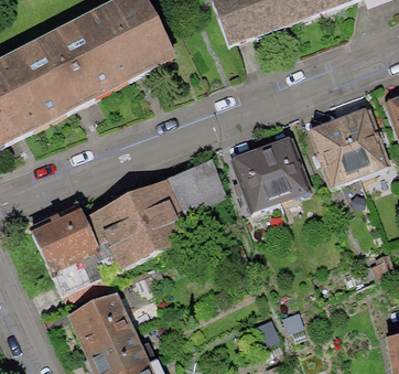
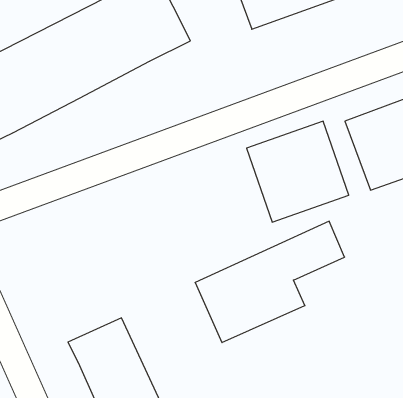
building: [95,162,224,267] -> [195,221,345,343]
building: [32,207,105,289] -> none

